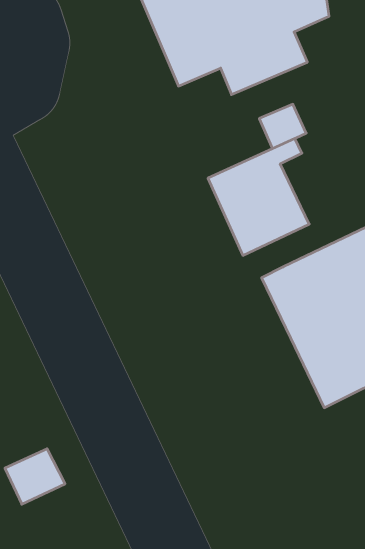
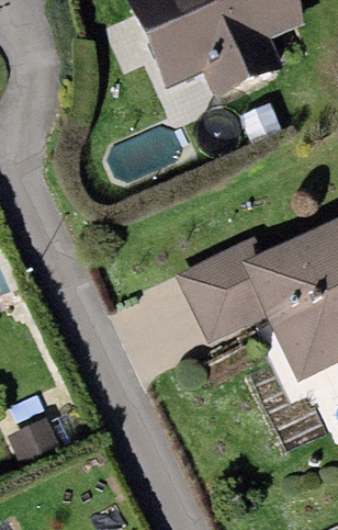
building: [208,139,309,255] -> [174,238,267,345]

